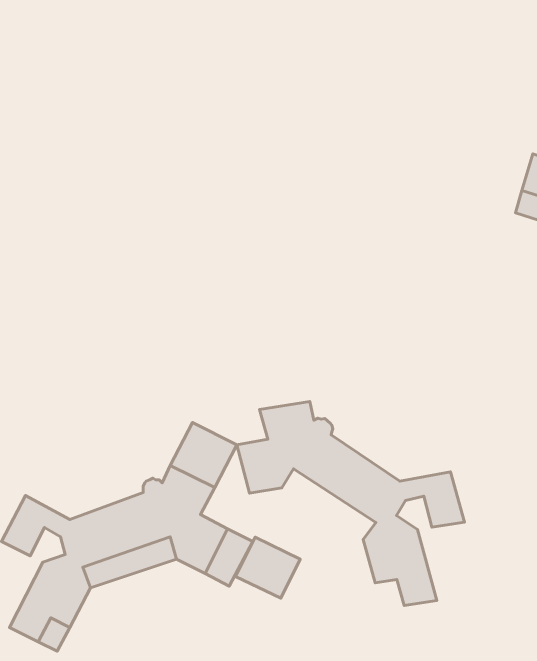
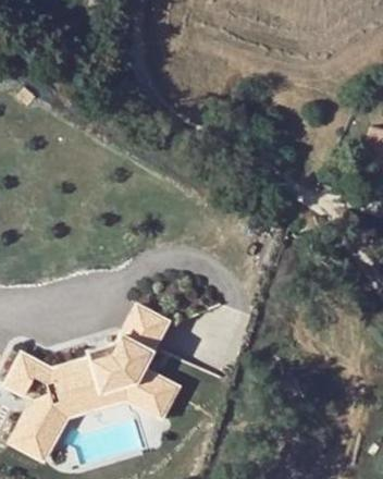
building: [237,401,464,606] -> none
building: [236,537,300,598] -> none

